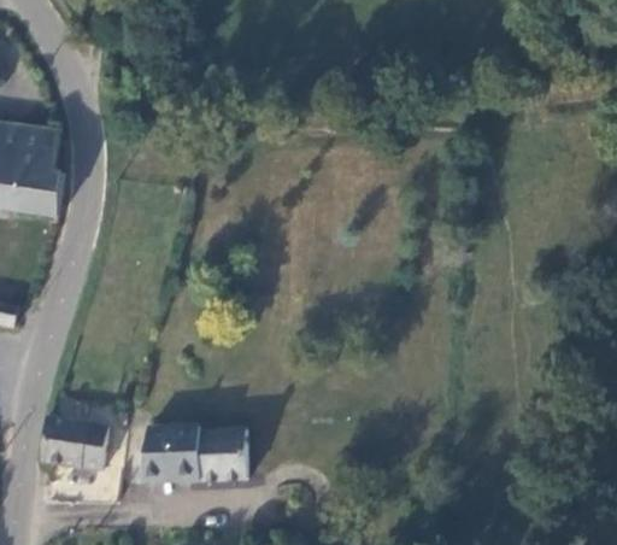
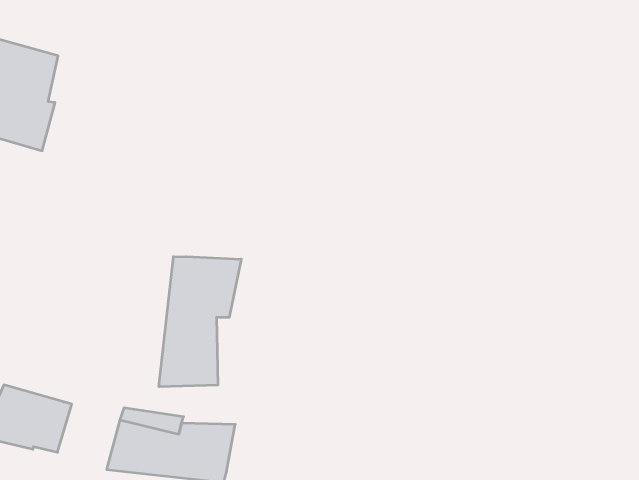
building: none -> [159,257,241,387]

